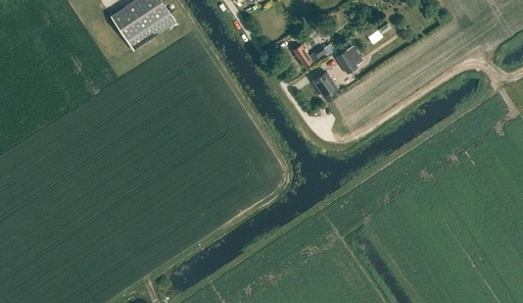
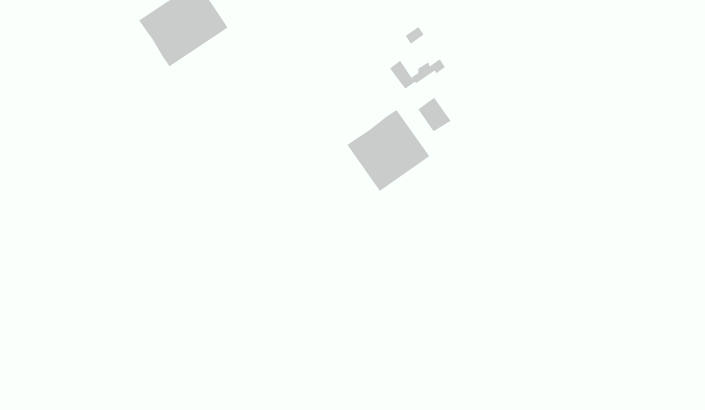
building: [335,46,362,73] -> none
building: none -> [346,109,430,192]

